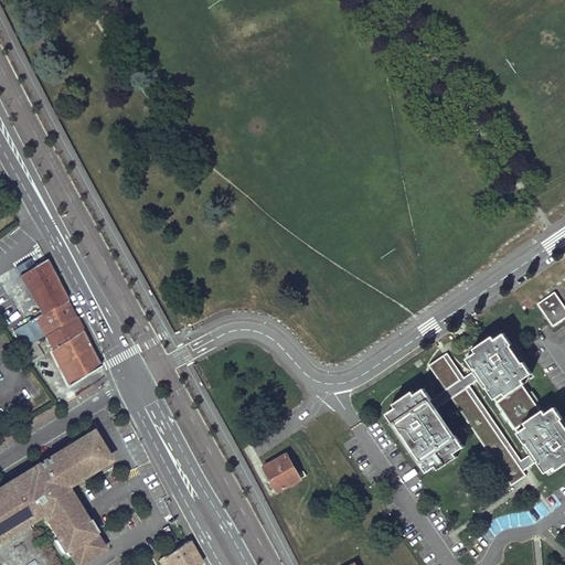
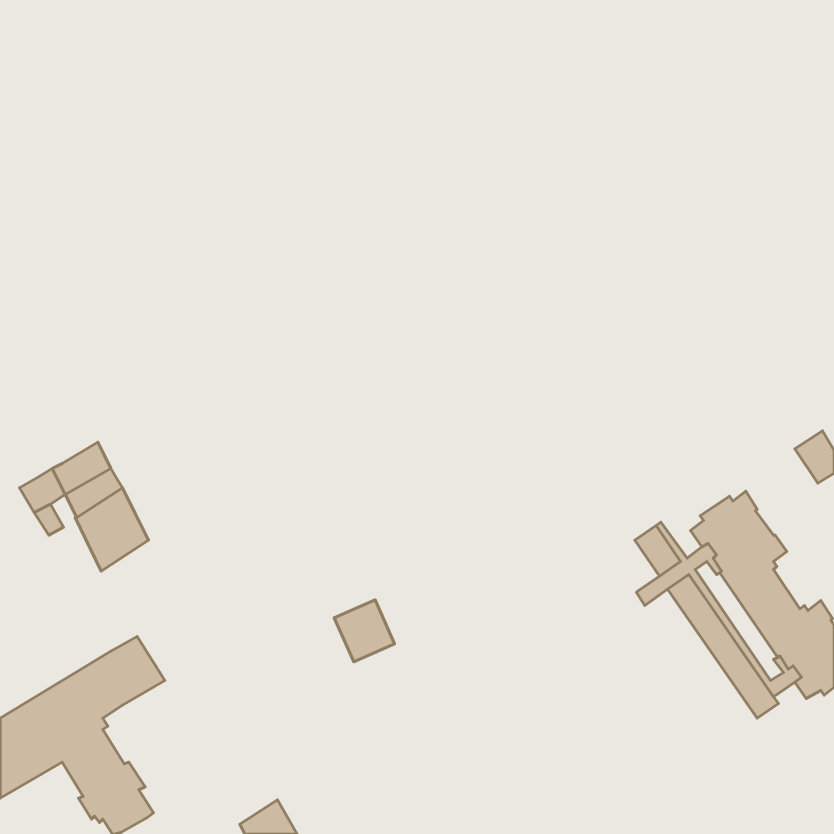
building: [20,258,66,313] -> none
building: [386,388,465,472] -> none
building: [262,449,302,491] -> [334,600,395,662]

